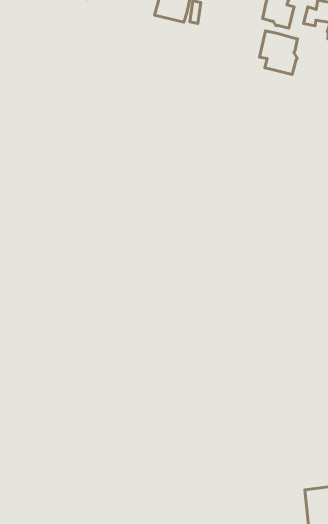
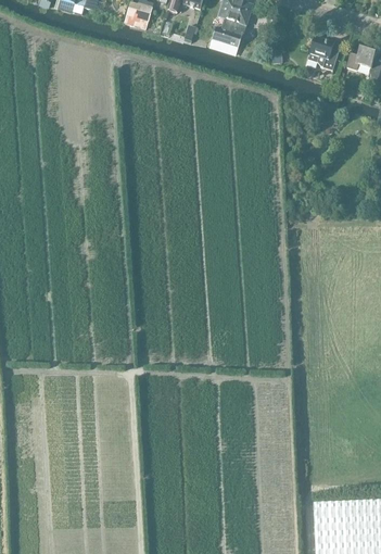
building: [259,31,297,75] -> none

